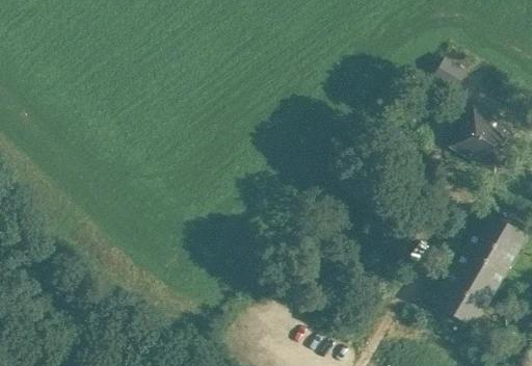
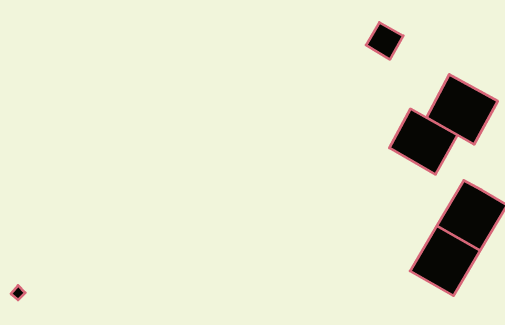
building: [430,54,468,92] -> [366,22,403,59]
building: none -> [389,109,457,174]

